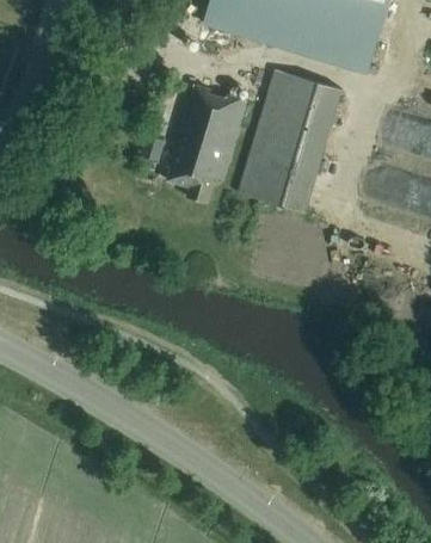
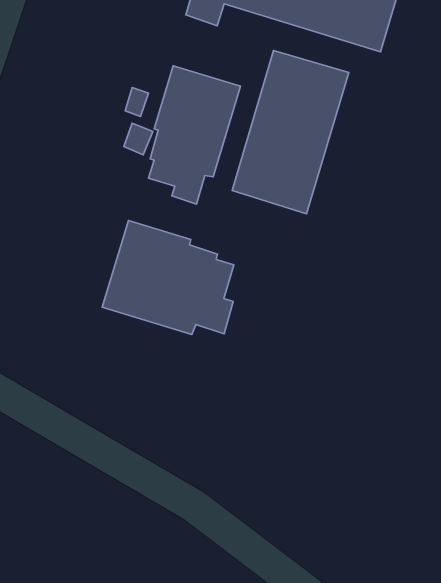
building: none -> [102,221,234,334]

